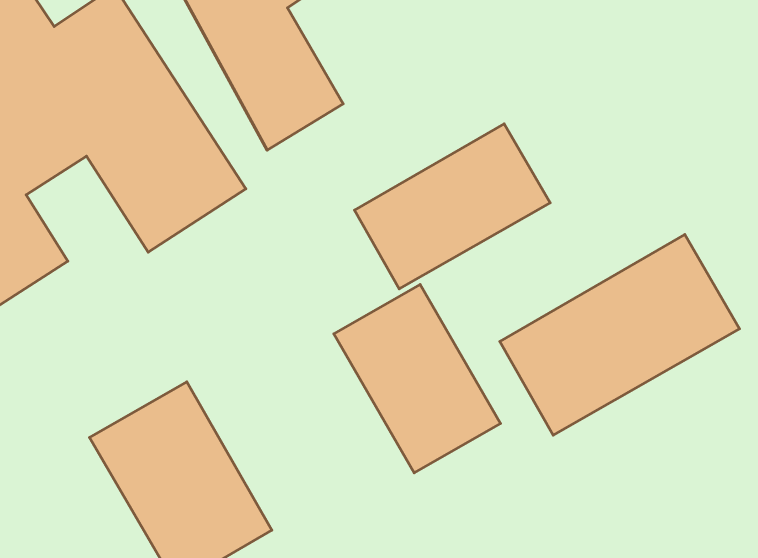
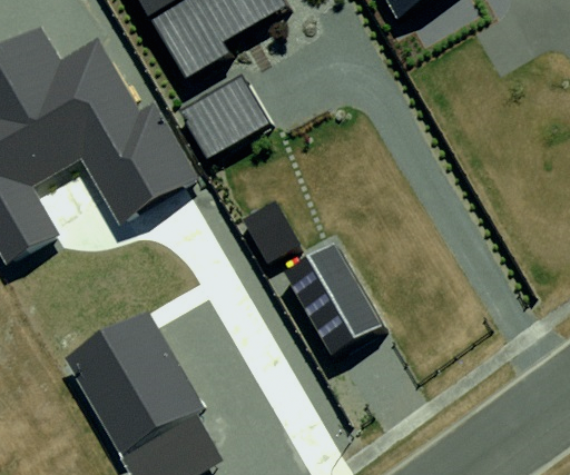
building: [355,124,550,289] -> none
building: [500,235,740,435] -> none

